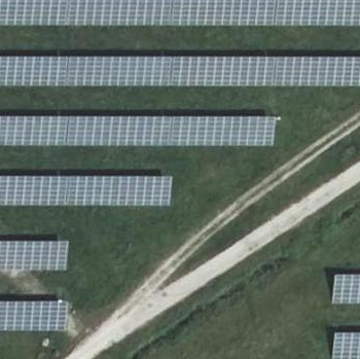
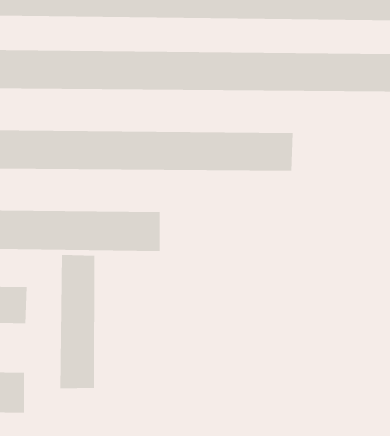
building: none -> [60,254,95,389]

